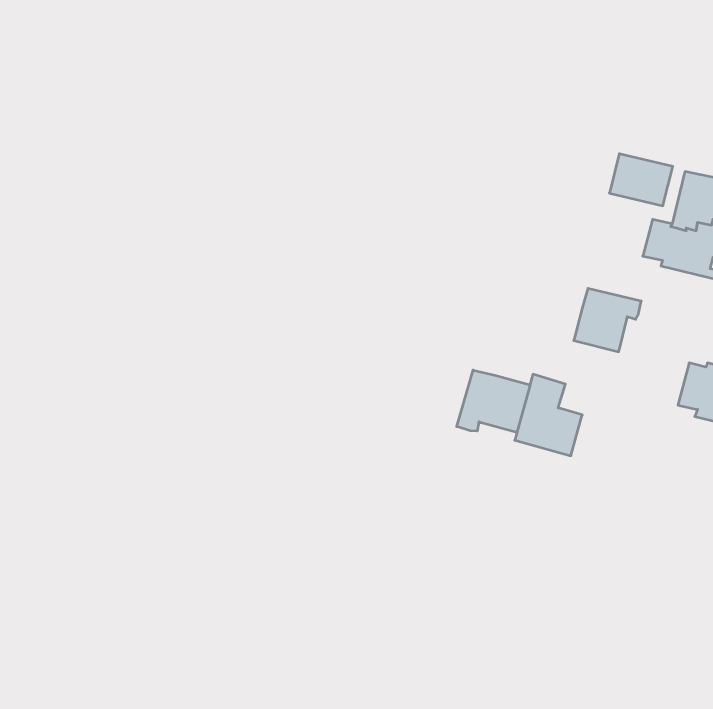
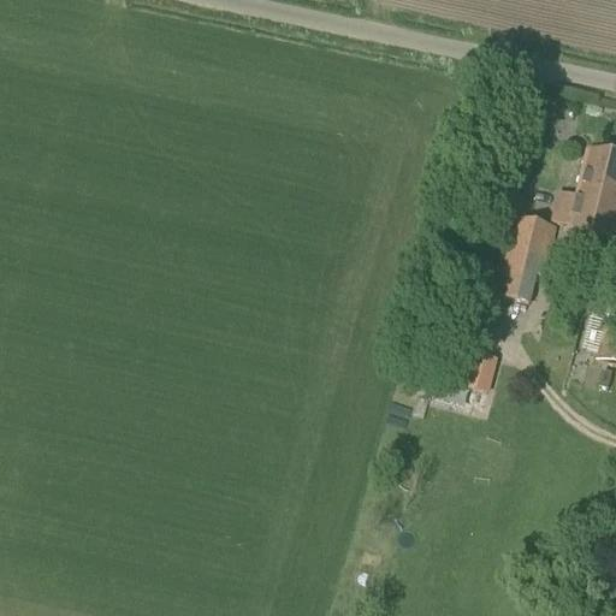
building: [609,154,673,206] -> [508,213,562,257]
building: [457,370,530,433] -> none

